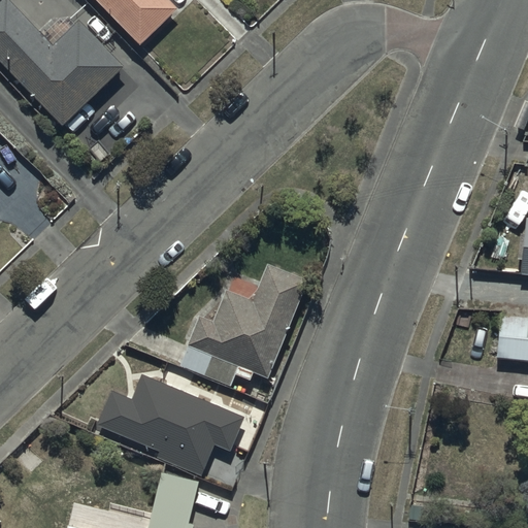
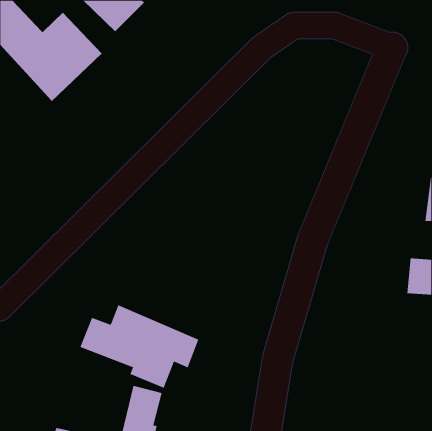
building: [176,262,309,389] -> none

